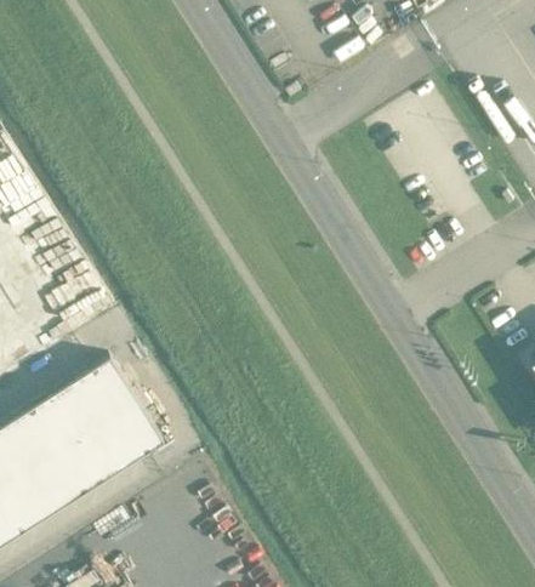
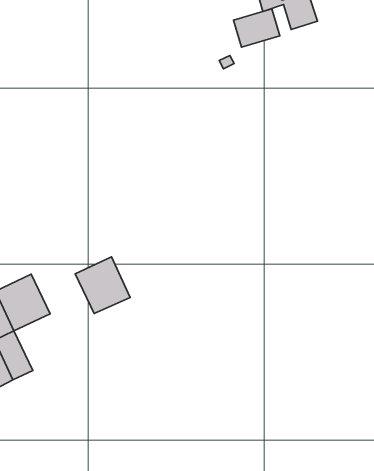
building: none -> [234,9,280,47]
building: [95,403,159,468] -> [75,257,130,313]

